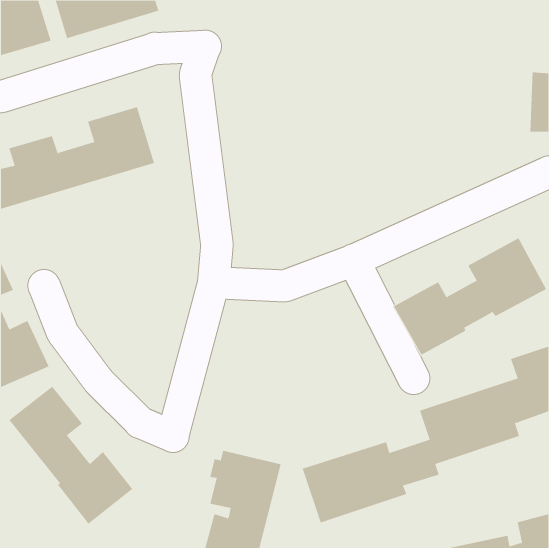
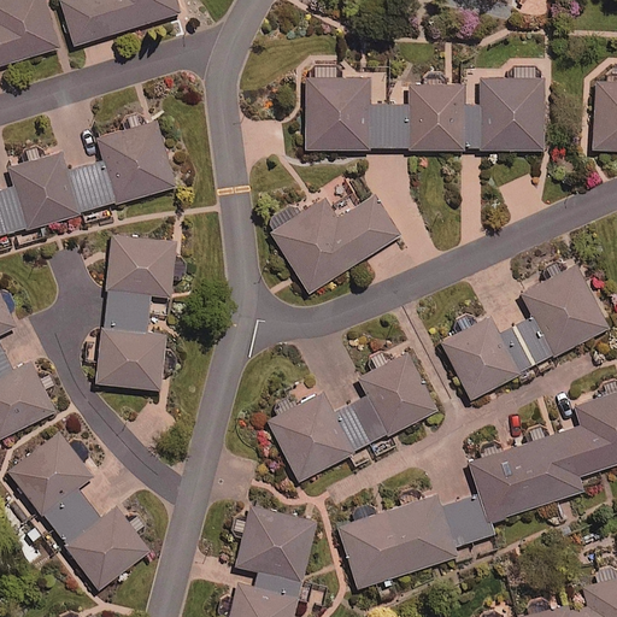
building: none -> [305,63,543,149]
building: none -> [265,195,399,292]
building: none -> [96,237,175,389]
building: none -> [270,349,439,483]

